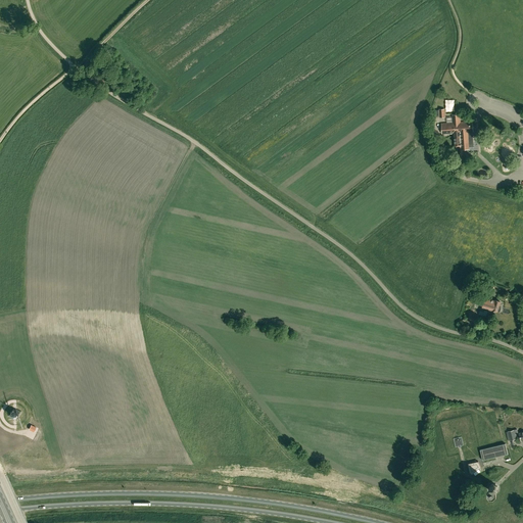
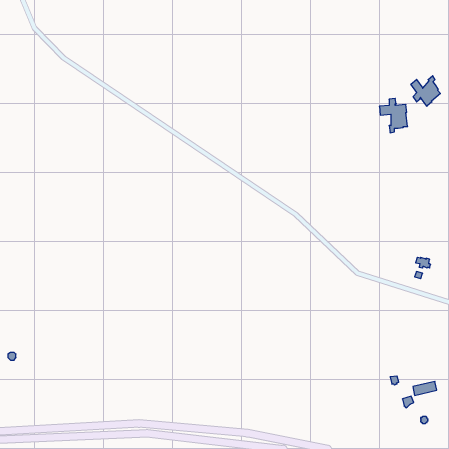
building: none -> [411,76,440,106]

